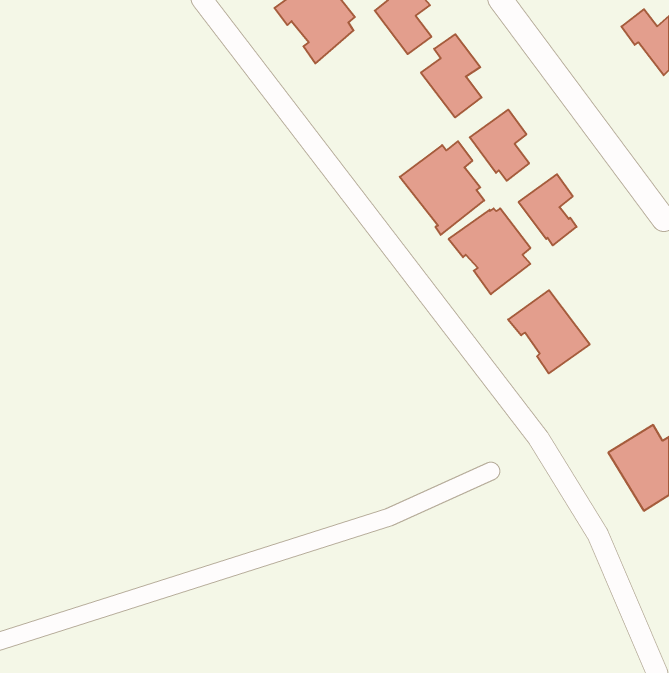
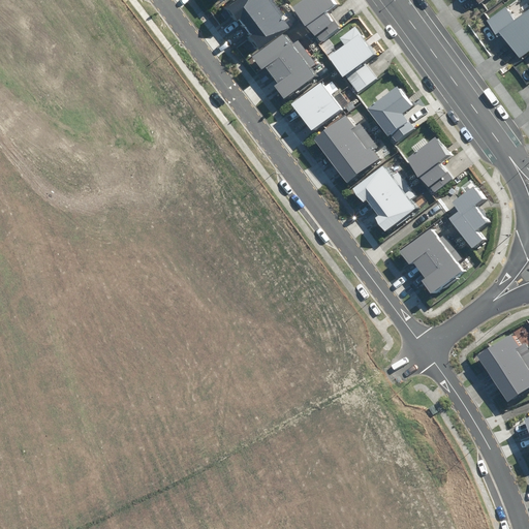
building: none -> [252,32,314,97]
building: none -> [292,82,341,129]
building: none -> [449,186,487,247]

